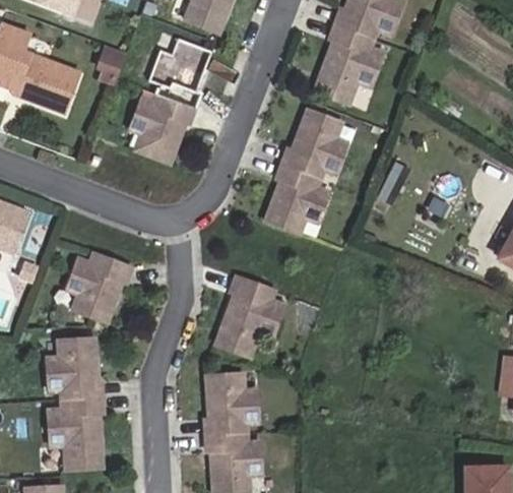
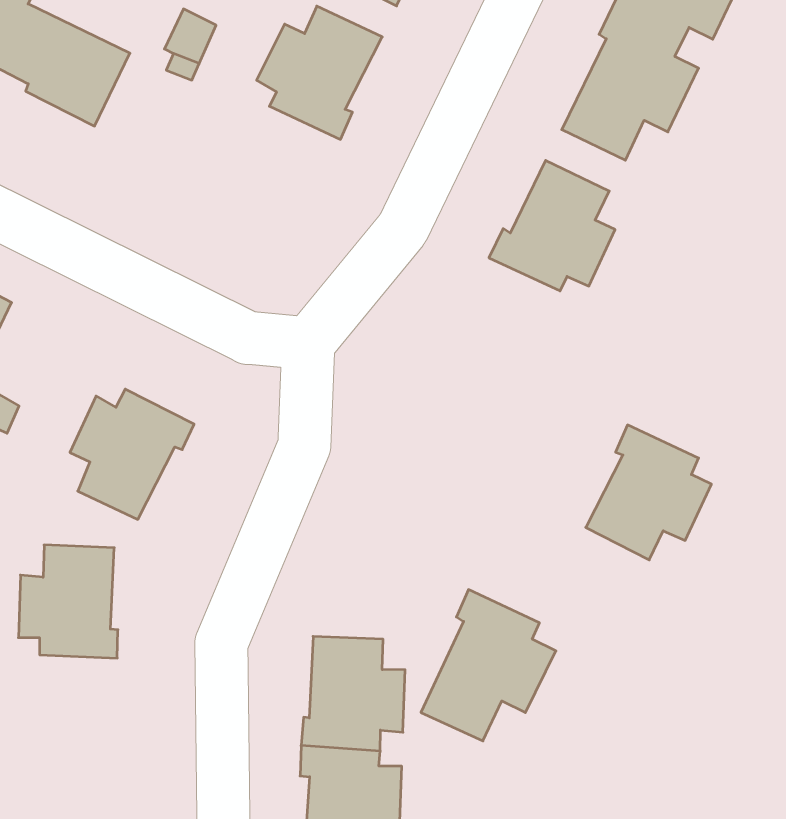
building: [129,94,195,164] -> none
building: [263,164,328,235] -> [586,425,711,560]
building: [215,275,284,356] -> [421,590,556,741]
building: [47,396,103,469] -> none

